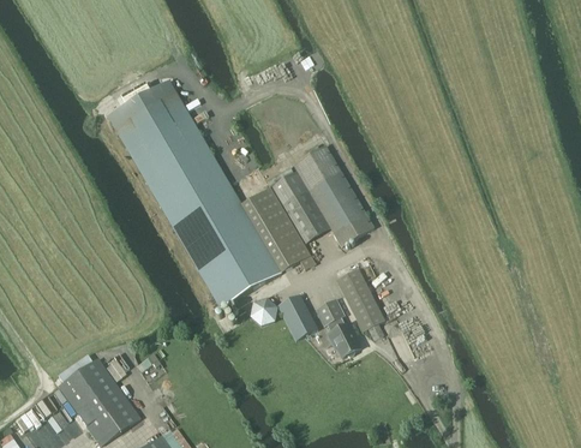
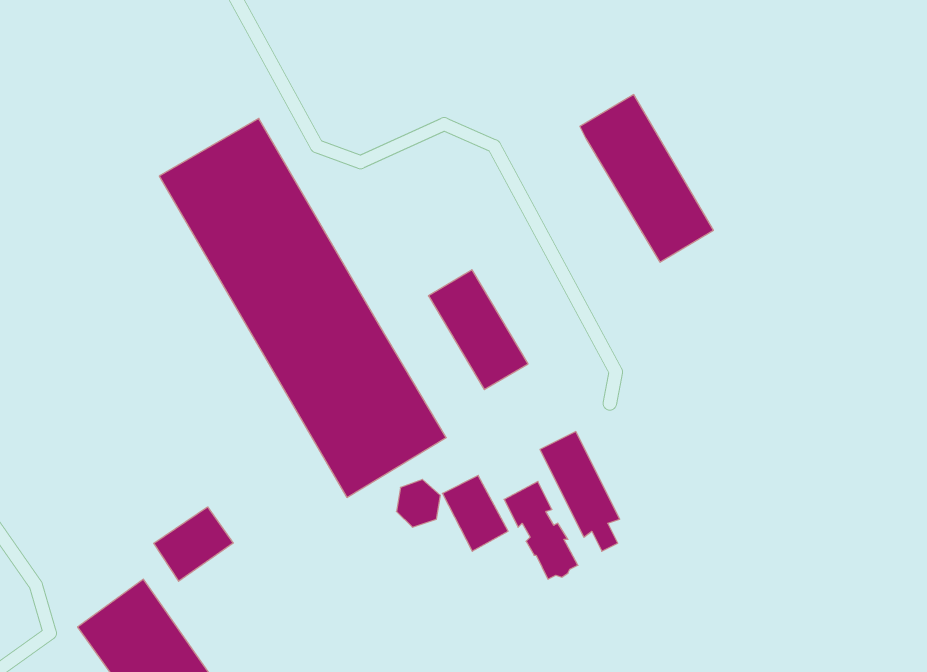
building: [292,144,372,245] -> [580,95,713,262]
building: [240,186,315,273] -> none
building: none -> [154,507,233,581]

